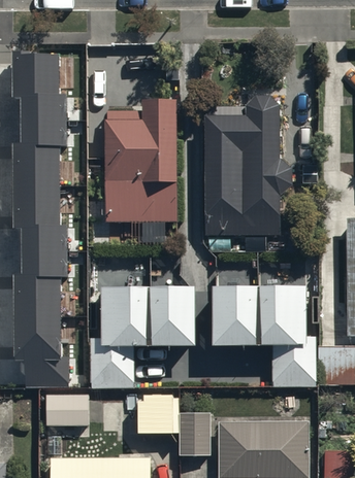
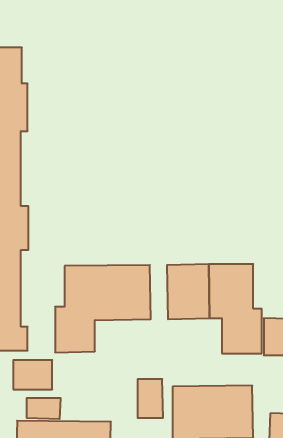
building: [208,96,293,234] -> none
building: [104,100,181,229] -> none
building: [136,391,179,433] -> none

